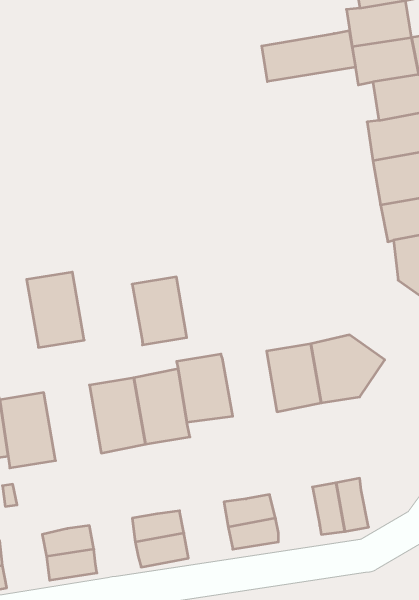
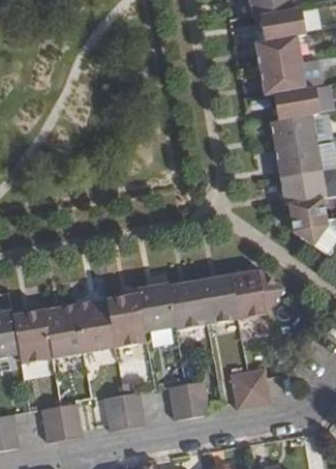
building: [262,30,355,82] -> none
building: [27,272,84,347] -> [43,304,84,357]
building: [132,277,187,345] -> [169,281,207,328]

